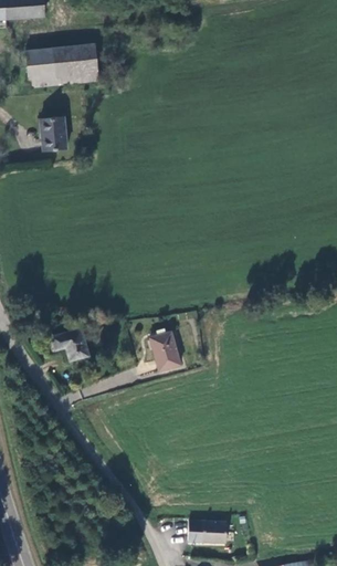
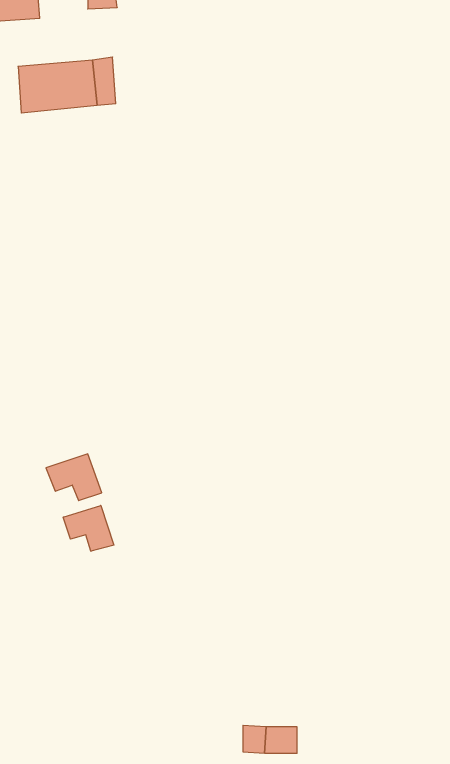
building: [39,118,66,151] -> none
building: [151,332,180,370] -> none
building: none -> [63,505,114,551]

